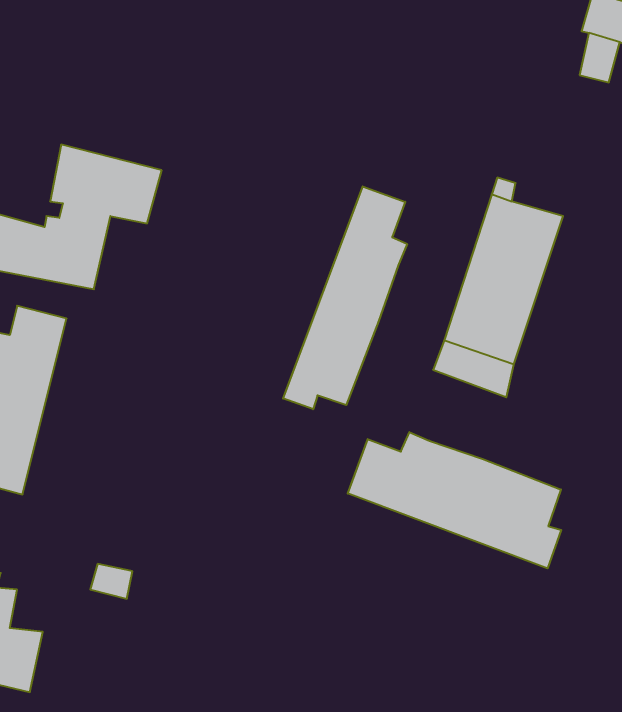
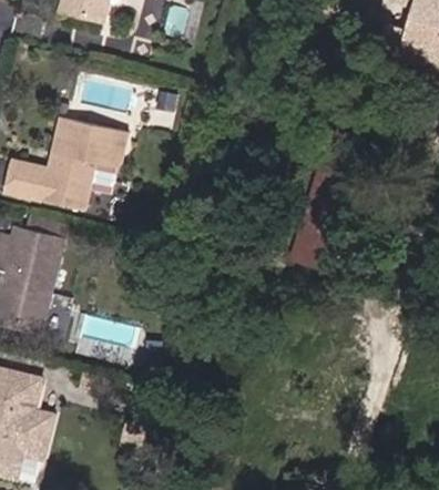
building: [283,186,407,409] -> none
building: [348,432,561,568] -> none

